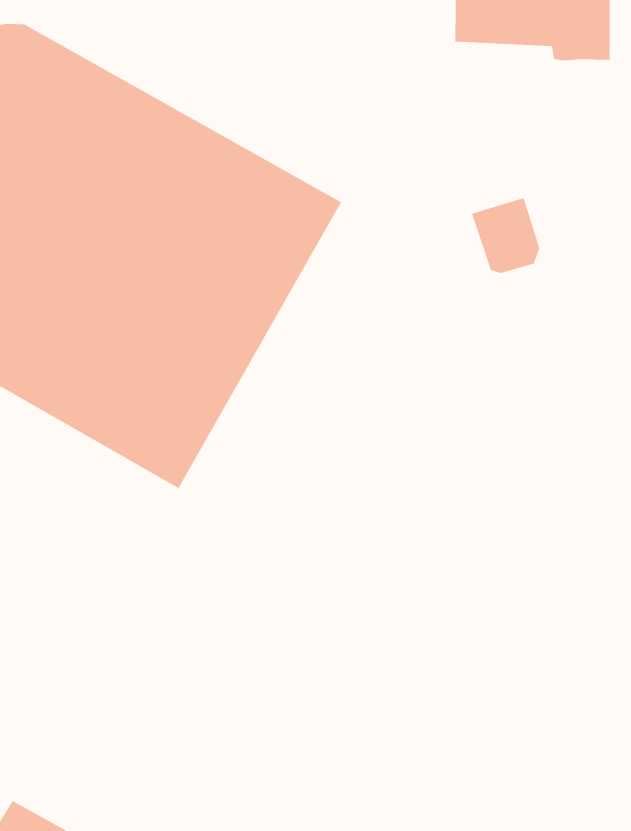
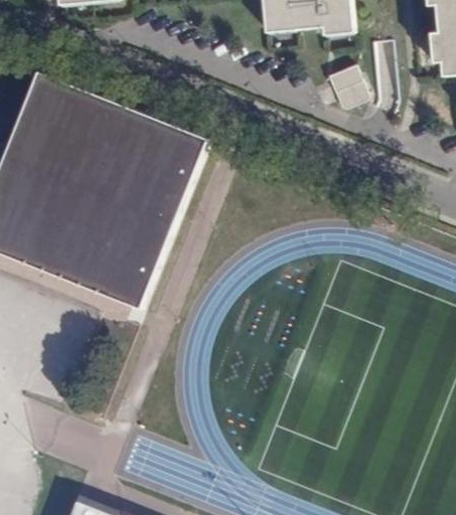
building: [471,197,540,273] -> [326,65,367,110]

